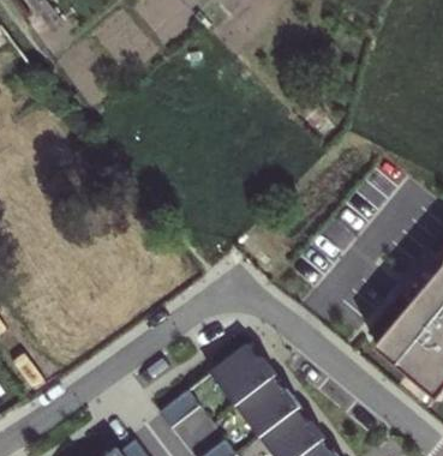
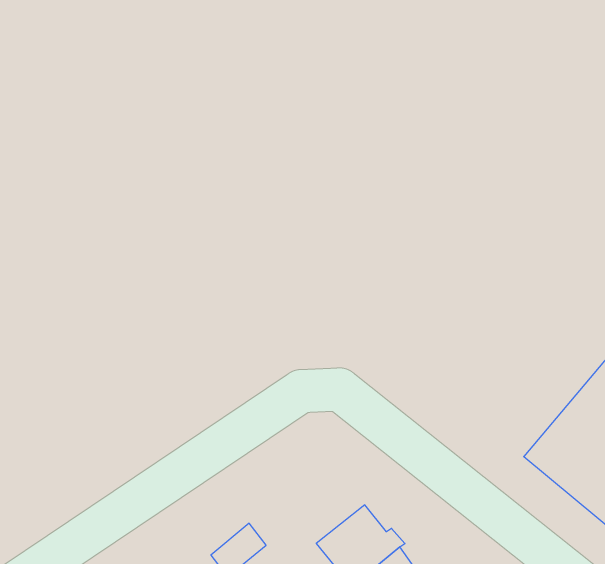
building: [204,341,268,401] -> none

